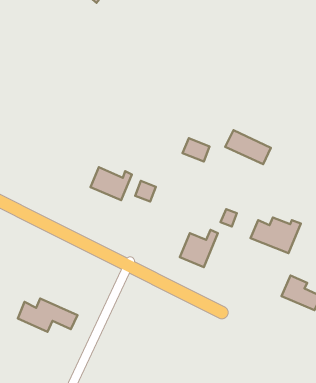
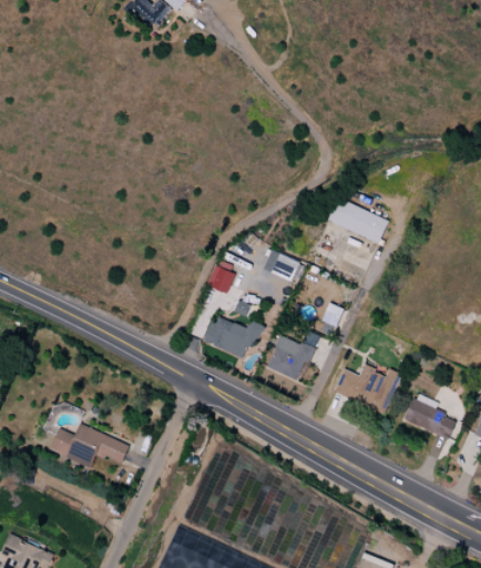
building: [182,138,210,161] -> [262,250,298,281]
building: [90,167,132,200] -> [204,314,259,358]
building: [251,218,301,253] -> [332,365,400,413]

